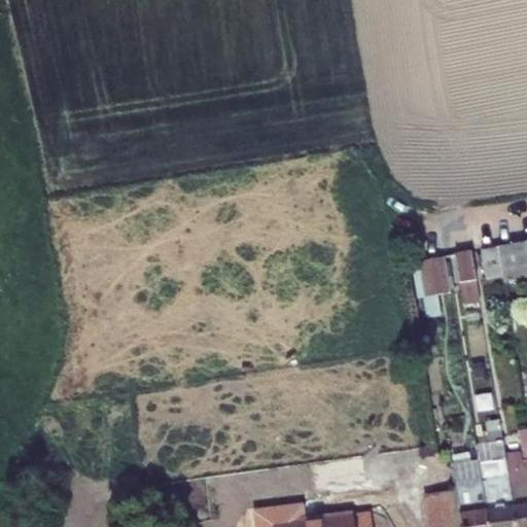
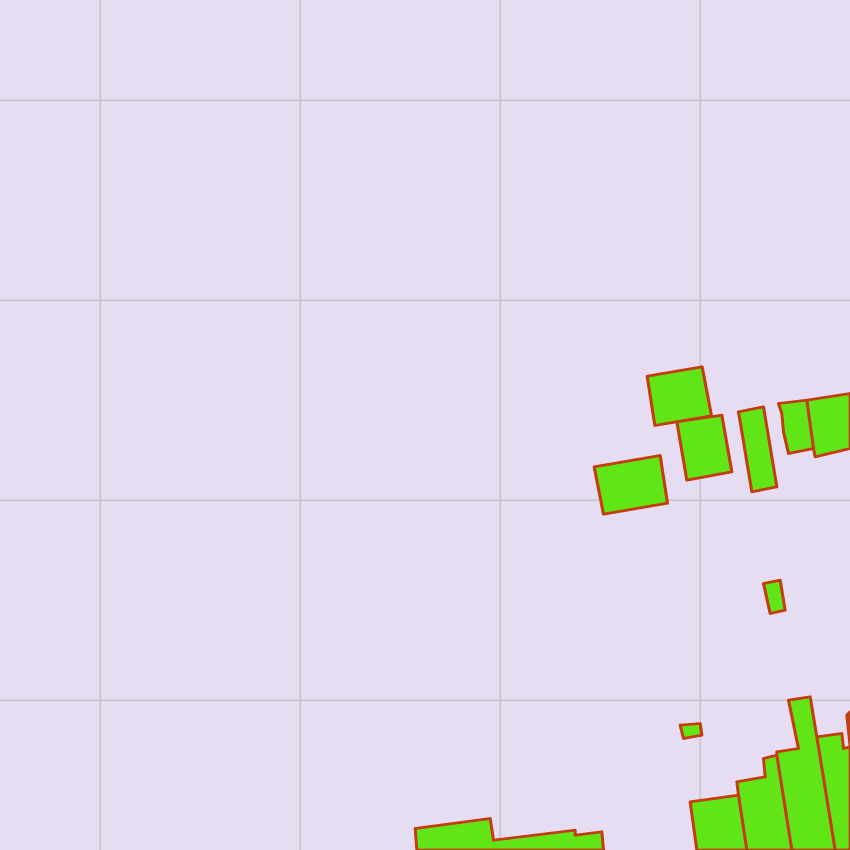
building: none -> [647,367,712,425]
building: none -> [594,455,668,514]

